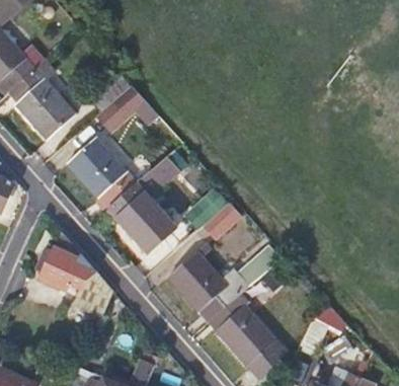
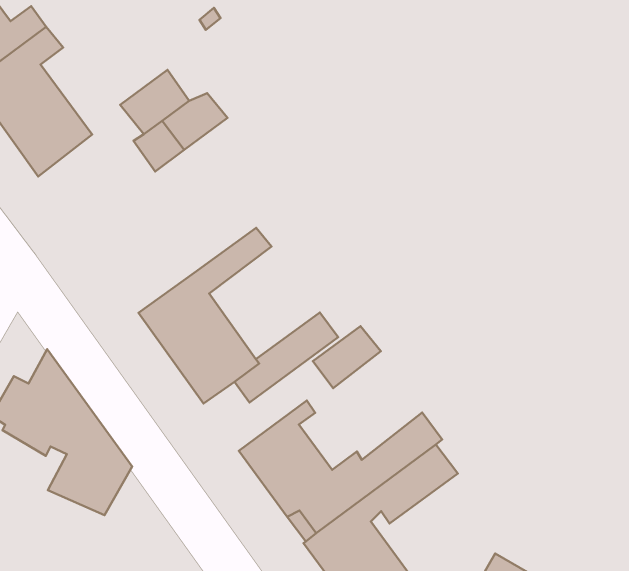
building: [68,139,136,208] -> none

